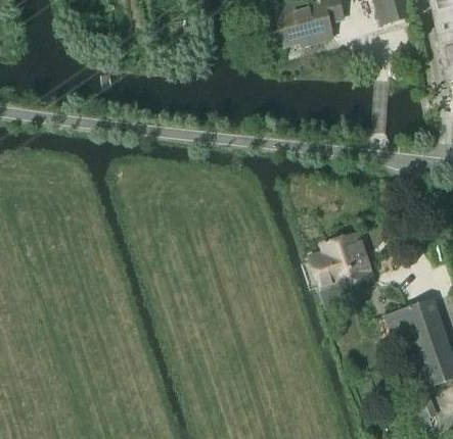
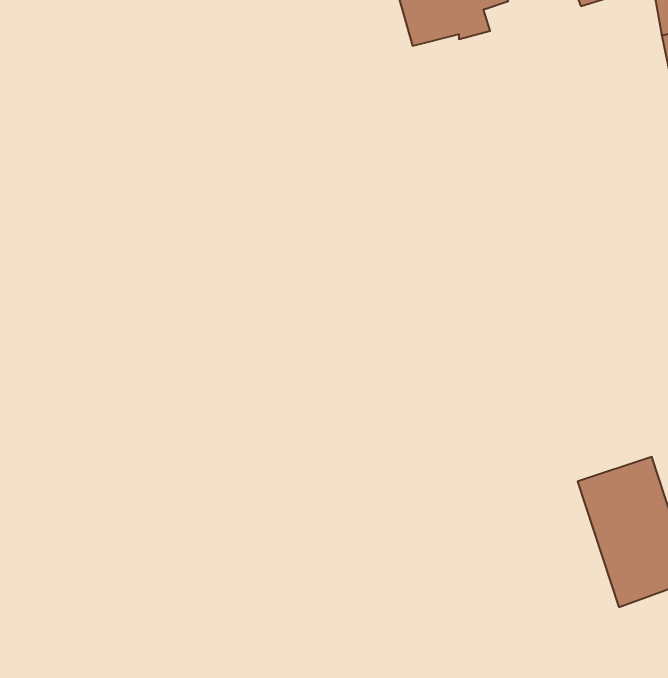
building: [309,233,373,290] -> none

